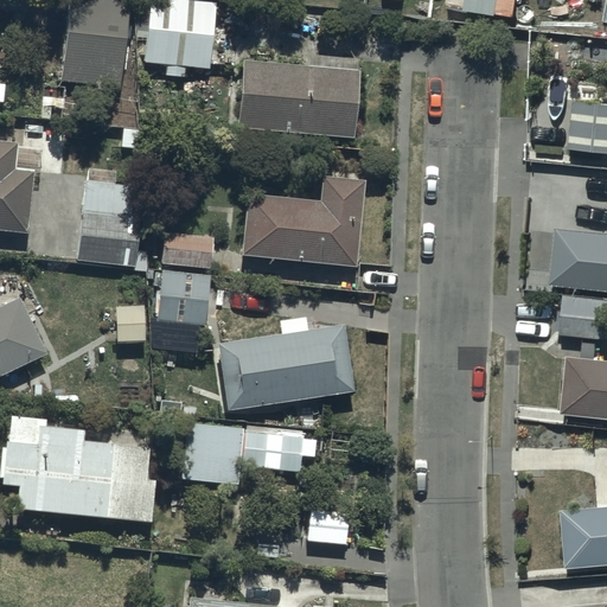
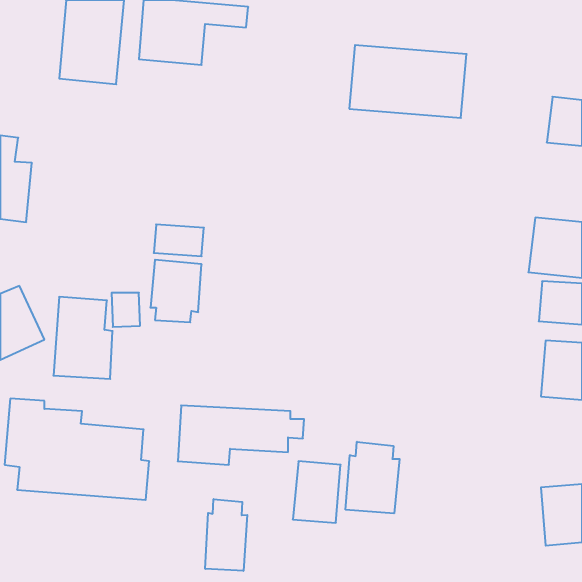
building: [237,63,359,139] -> [349,45,467,118]
building: [241,175,364,266] -> none
building: [79,180,141,266] -> [53,297,113,379]
building: [217,317,353,409] -> none
building: none -> [346,442,400,513]
building: none -> [205,499,247,571]

